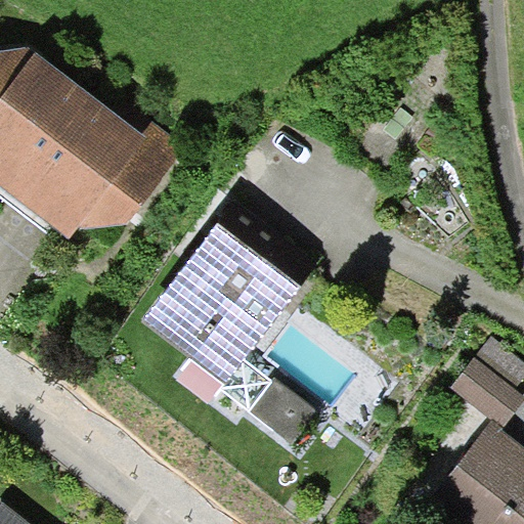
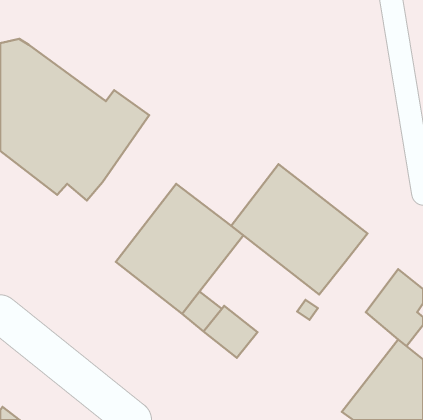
building: none -> [231,164,368,294]

